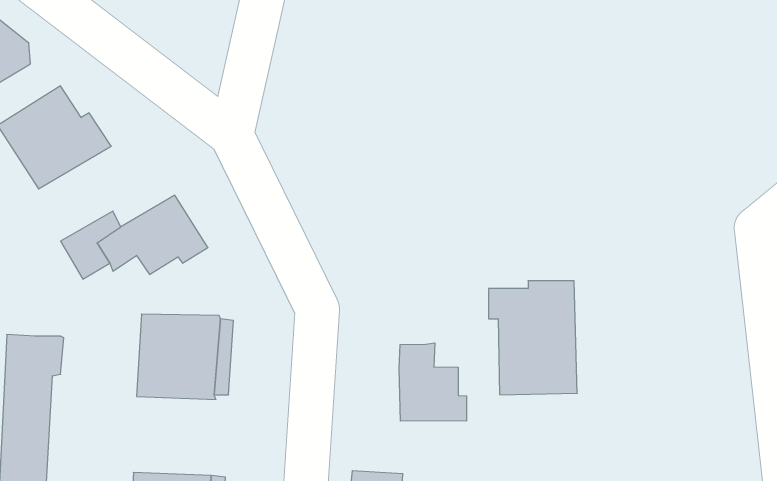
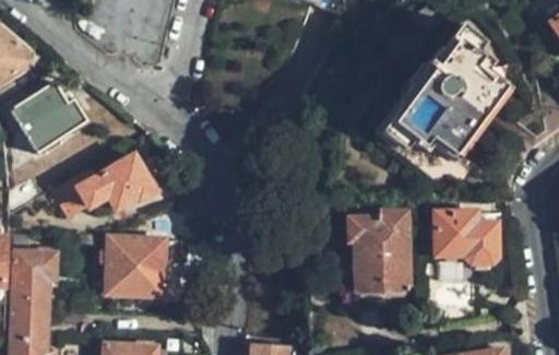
building: none -> [393,36,508,163]
building: none -> [435,213,498,265]
building: [399,343,467,421] -> none

